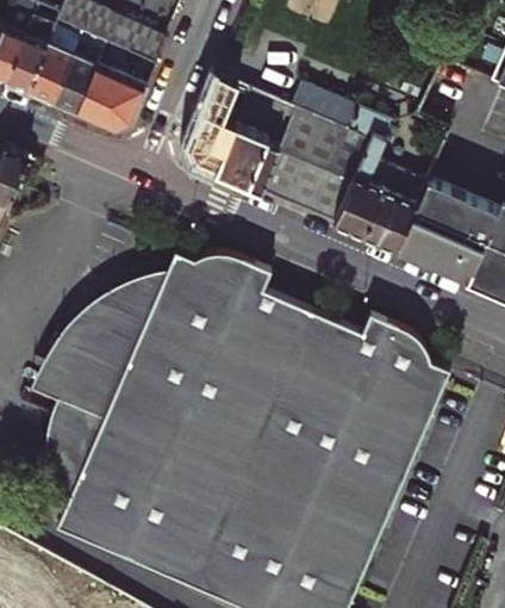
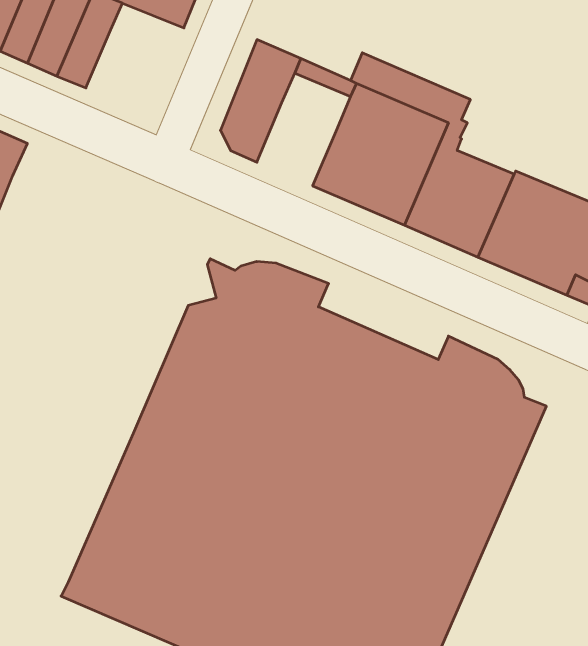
building: [75,66,145,130] -> none
building: [214,125,279,193] -> none
building: [30,258,181,516] -> none

